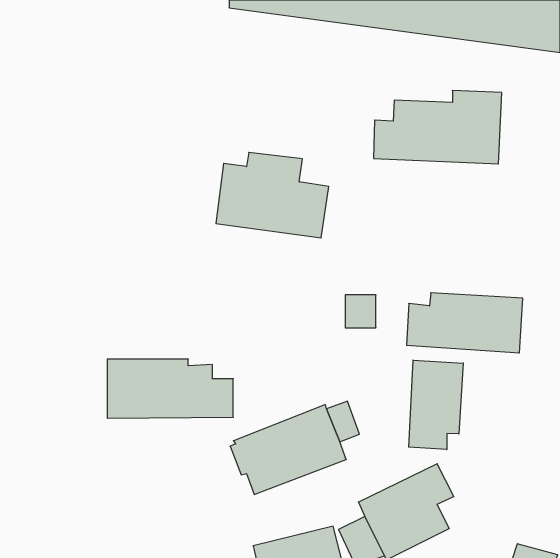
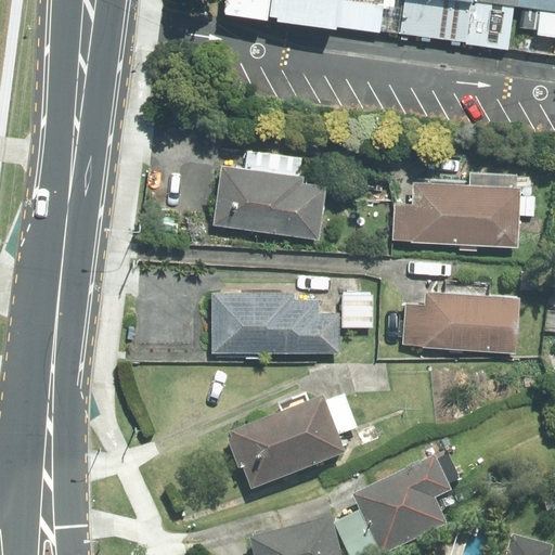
building: [374,90,502,164] -> [392,172,519,245]
building: [107,359,233,418] -> [212,293,337,351]
building: [409,360,463,450] -> none

